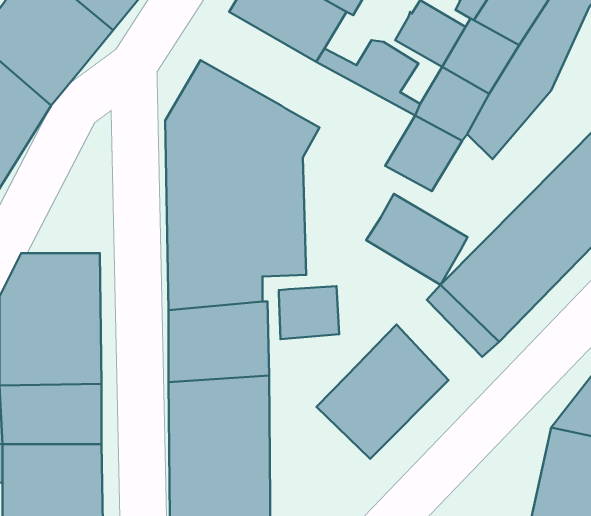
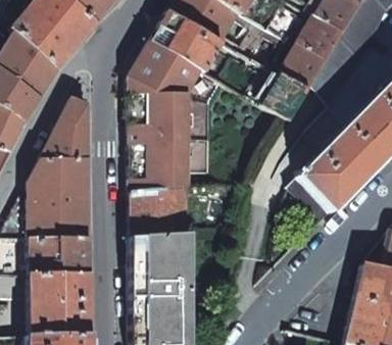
building: none -> [150,11,220,70]
building: none -> [41,98,89,158]
building: [366,194,468,285] -> none
building: [279,286,339,339] -> none
building: [316,325,448,459] -> none

